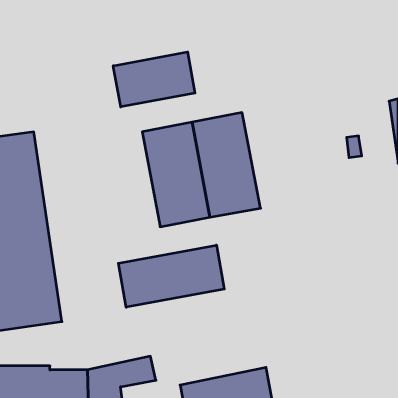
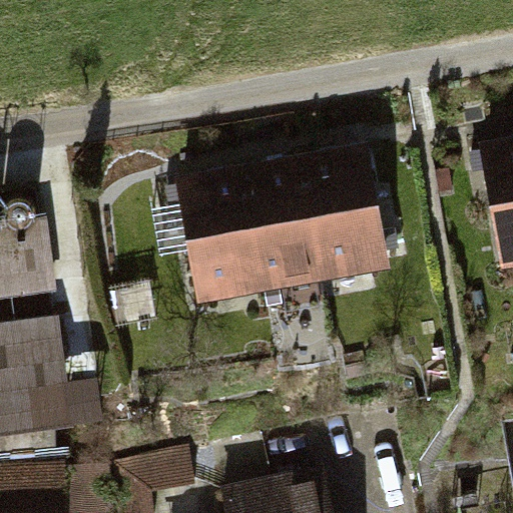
building: [113,52,195,107] -> none
building: none -> [302,145,387,276]
building: [118,245,224,307] -> none

